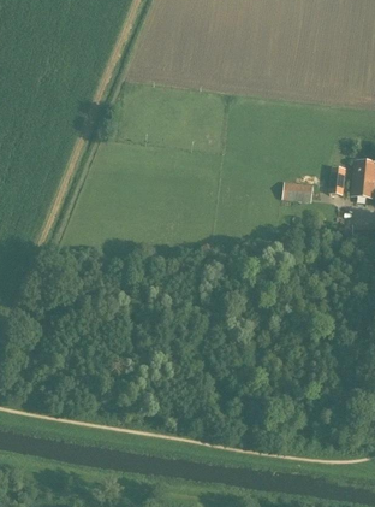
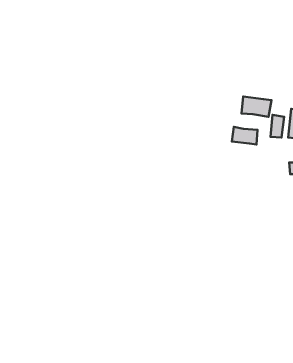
building: none -> [241,97,271,117]

